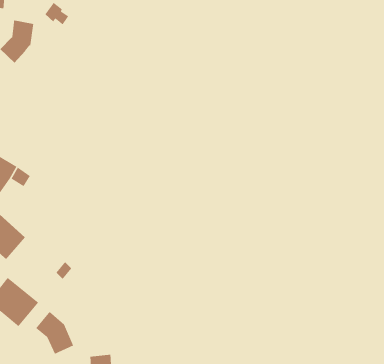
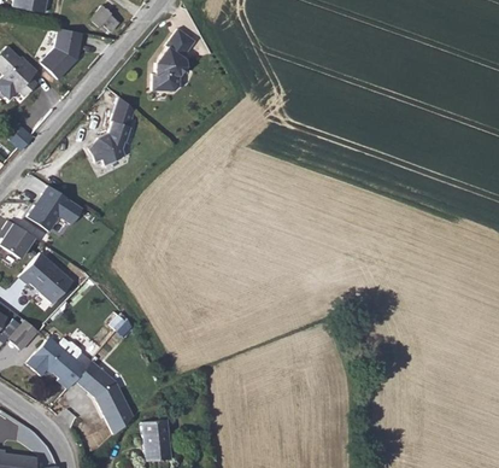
building: none -> [152,27,198,90]
building: none -> [86,94,133,166]

